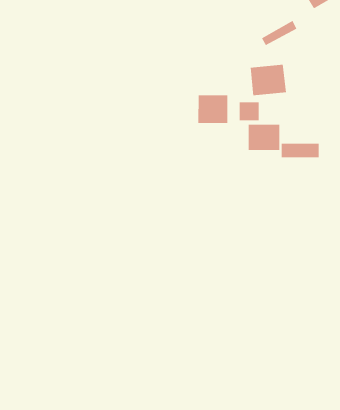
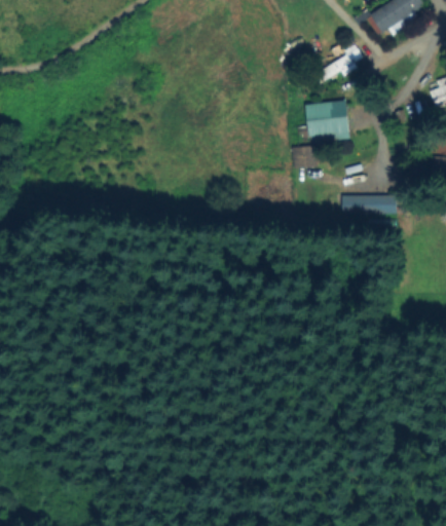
building: [198,95,228,124] -> none
building: [248,124,280,151] -> none

